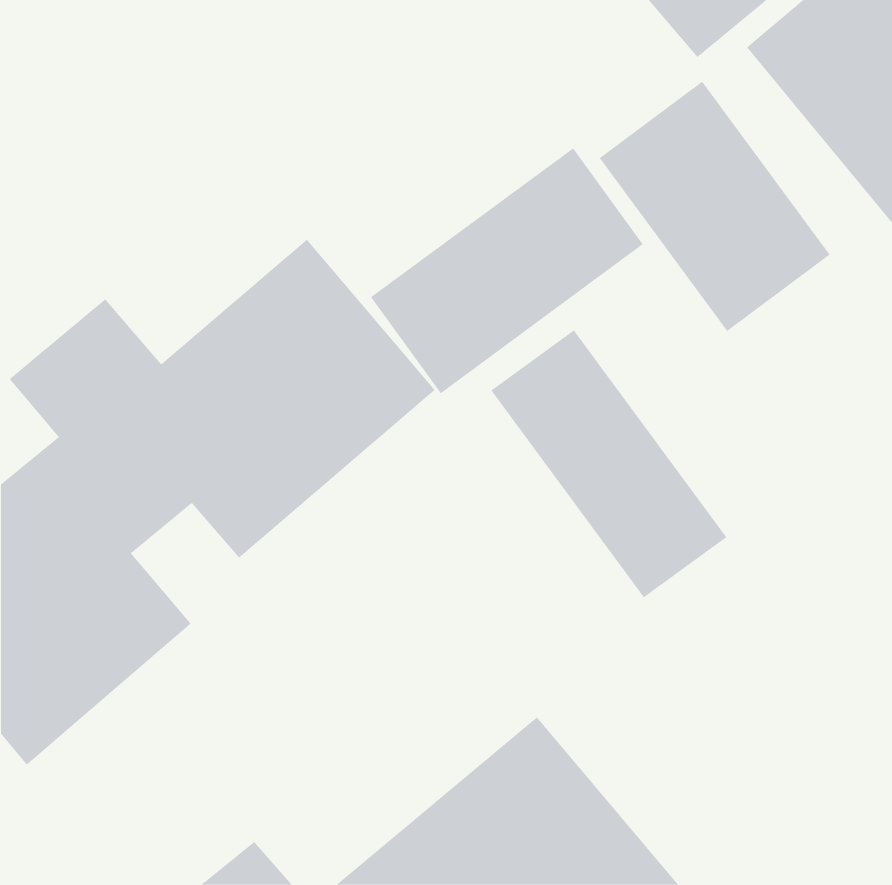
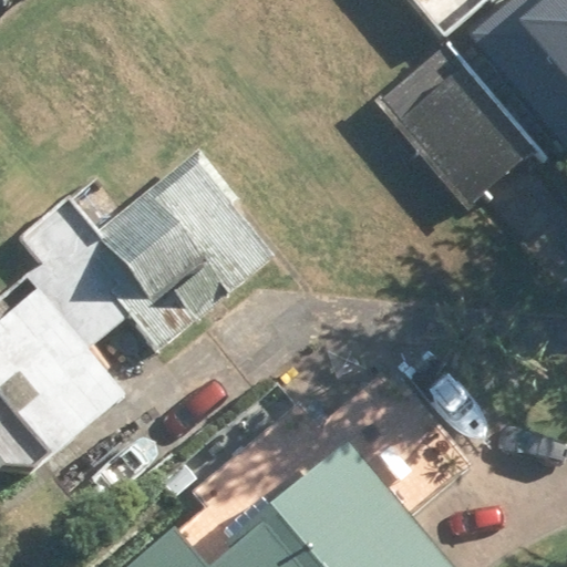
building: [370,147,644,394] -> none
building: [490,330,727,598] -> none

